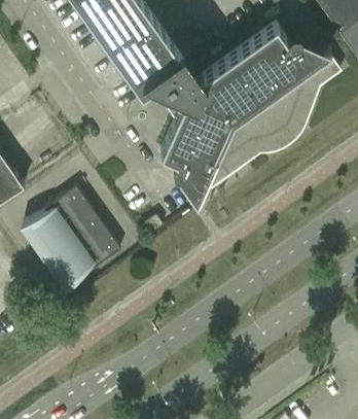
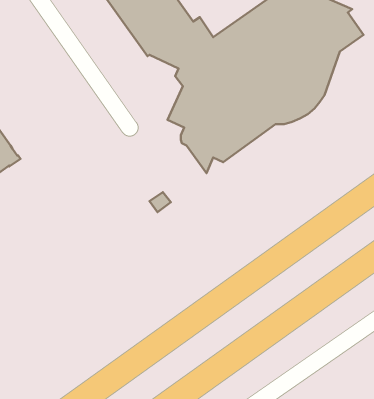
building: [22,188,118,288] -> none

